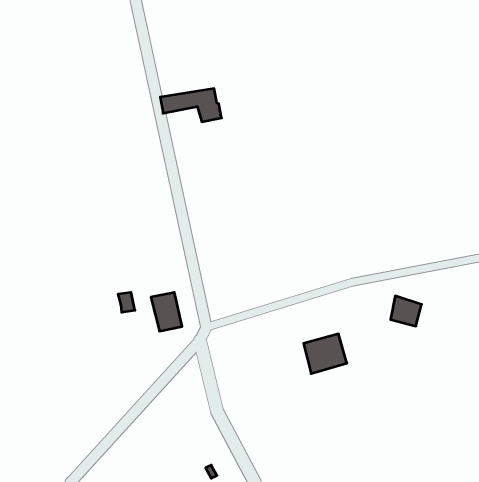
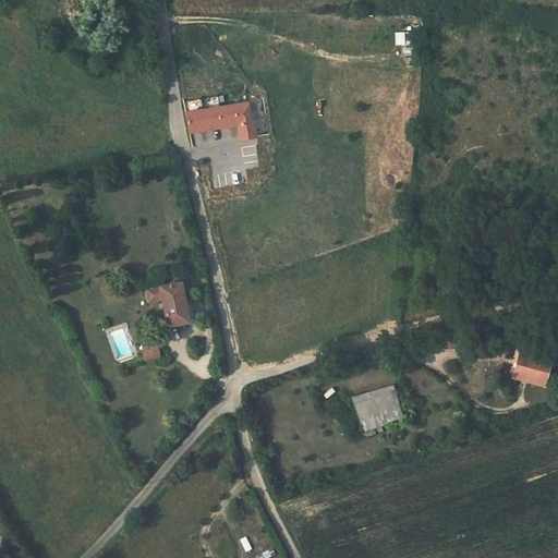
building: [151,292,182,331] -> [153,281,189,326]
building: [391,296,422,326] -> [515,351,551,386]

